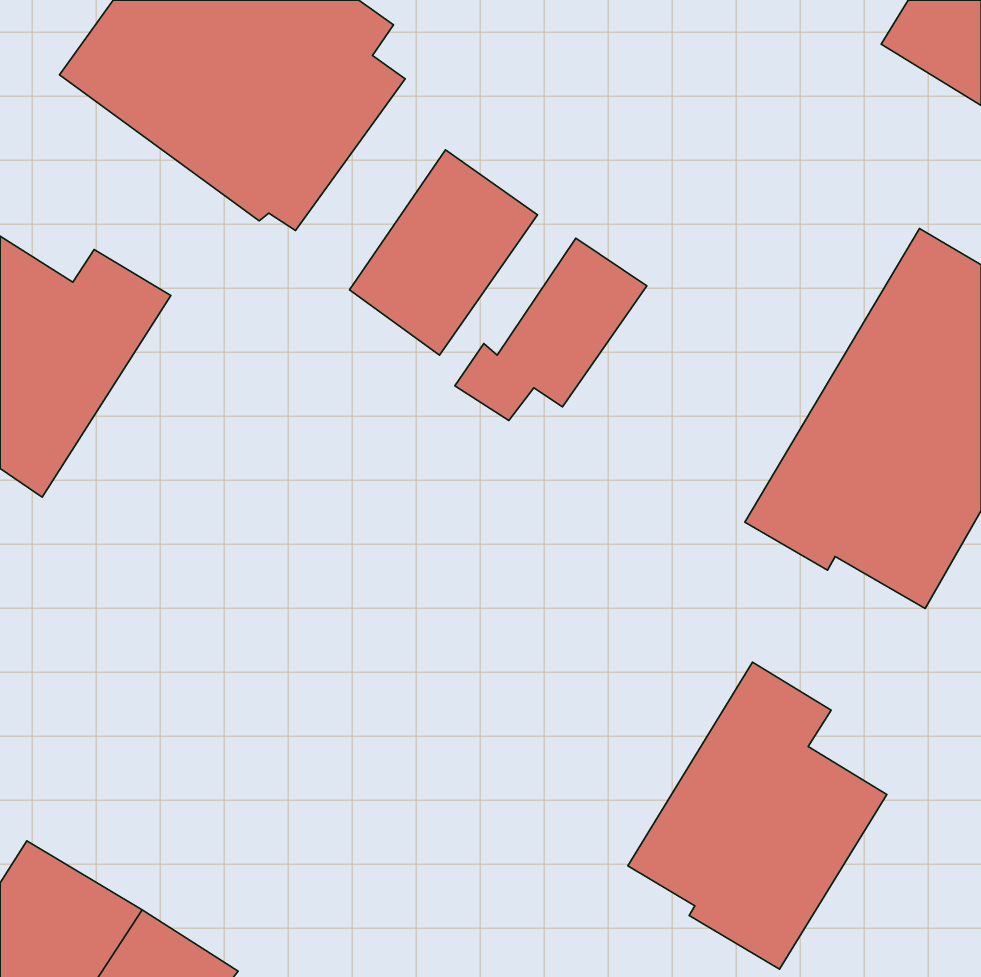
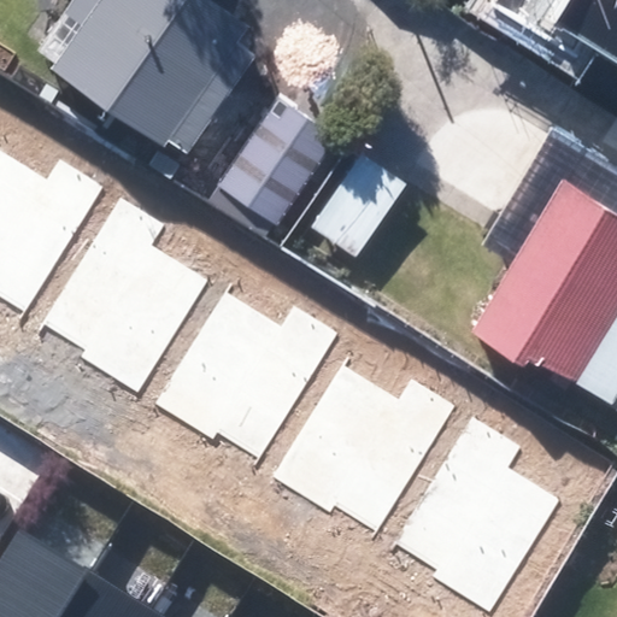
building: none -> [43,200,206,393]
building: none -> [155,293,335,459]
building: none -> [272,366,459,534]

